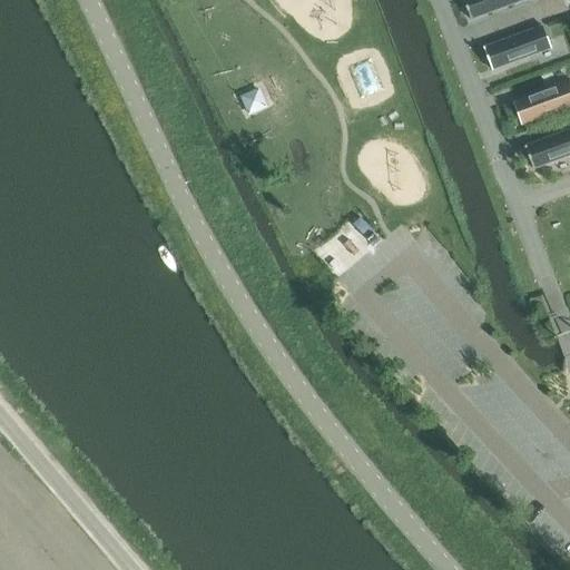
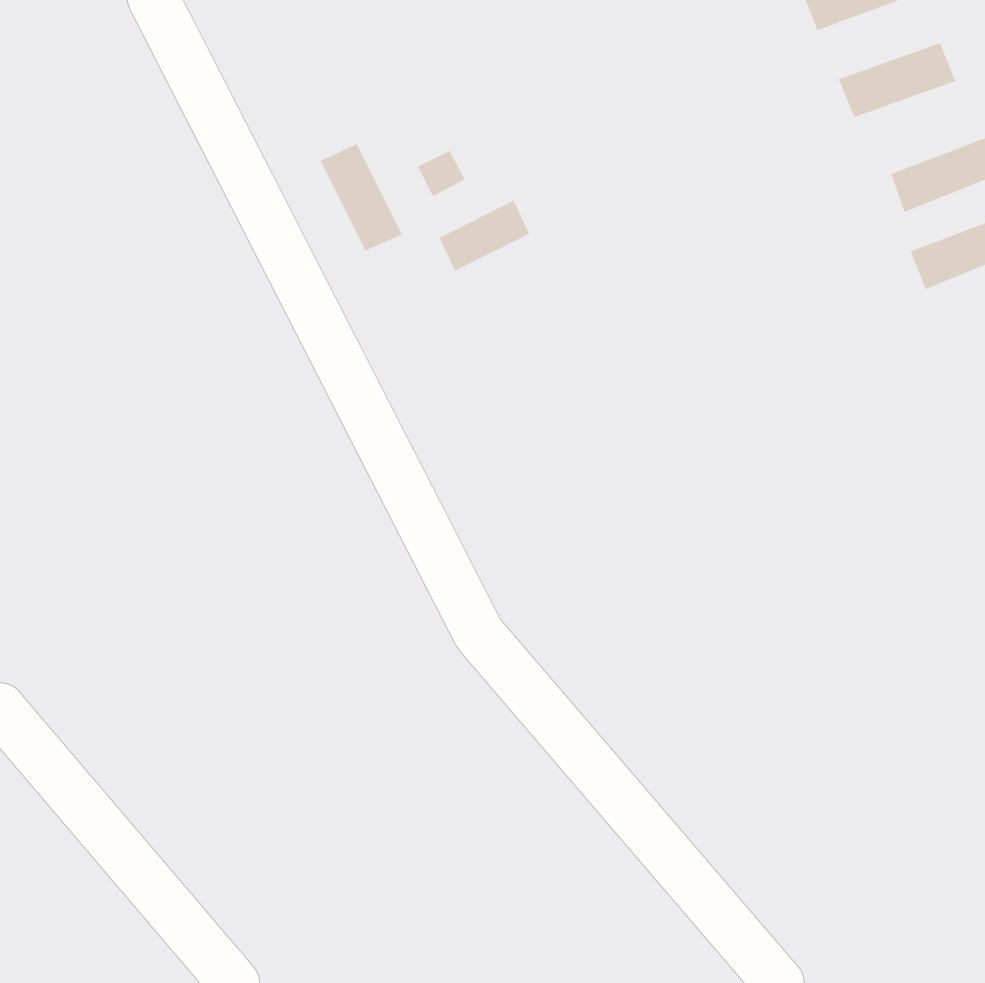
building: none -> [320,143,402,251]
building: none -> [439,200,530,272]

